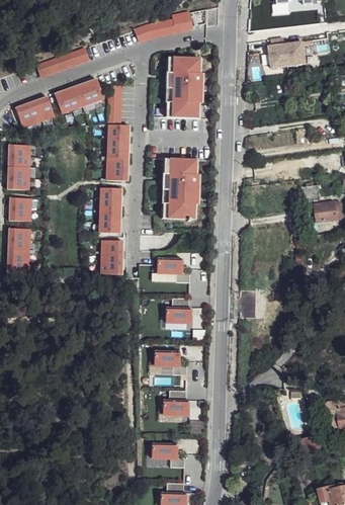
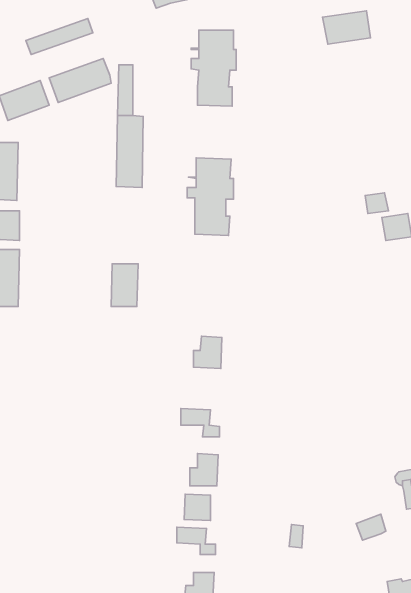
building: [100,187,121,232] -> none
building: [159,259,189,281] -> none
building: none -> [184,494,211,521]

